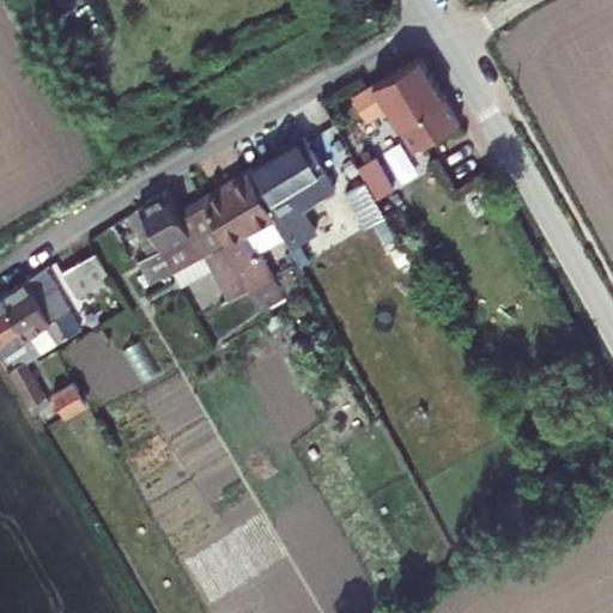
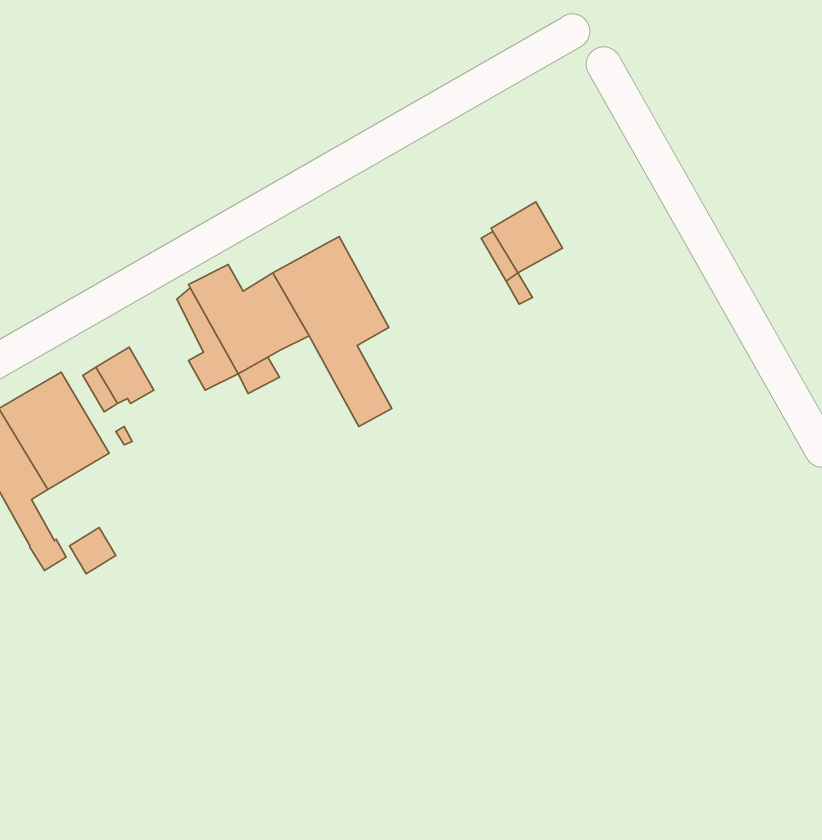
building: [351,60,478,171] -> none
building: [245,140,335,249] -> none
building: [202,247,248,303] -> none

